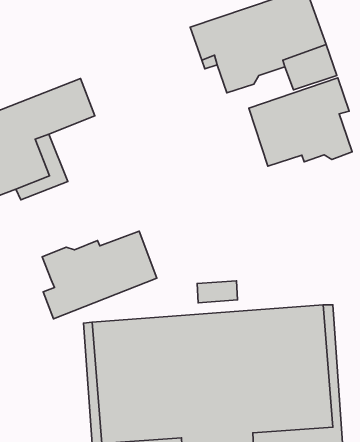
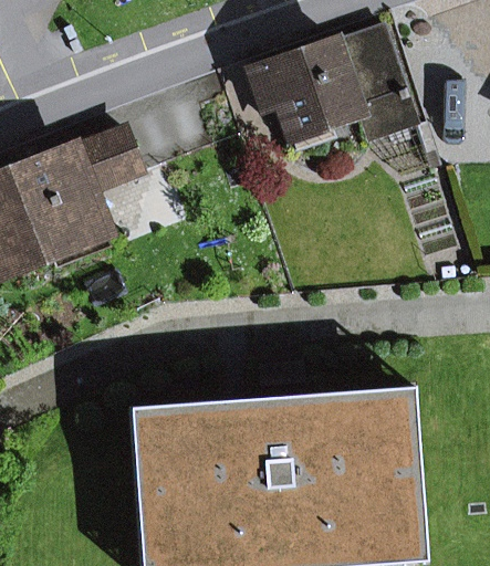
building: [249,78,352,166] -> none
building: [42,231,157,319] -> none

